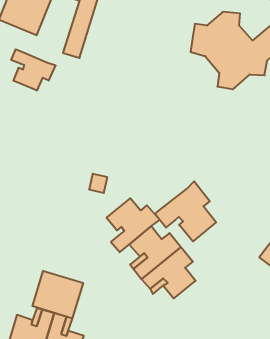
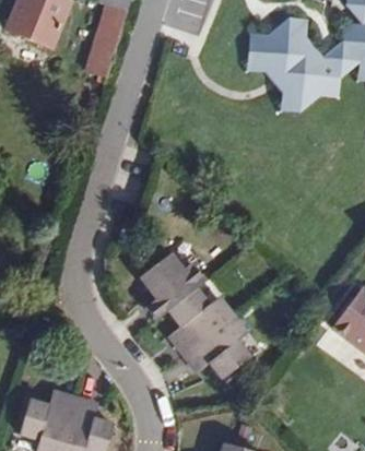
building: [11,49,56,91] -> none
building: [155,181,216,241] -> none
building: [32,271,83,318] -> none

